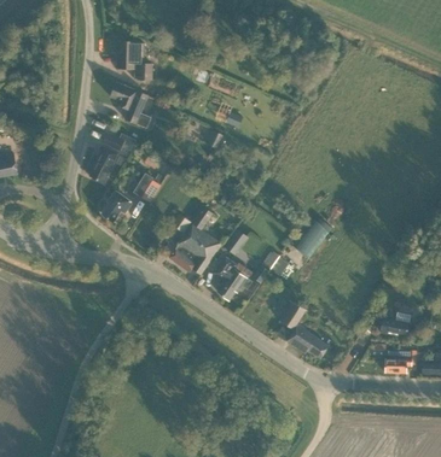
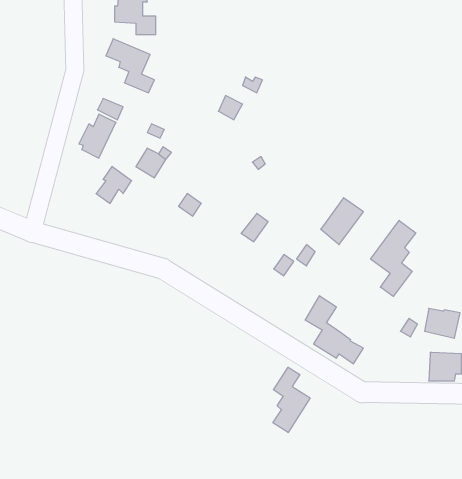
building: [169,207,221,274] -> none
building: none -> [371,220,416,296]
building: [214,257,251,300] -> none
building: none -> [273,367,310,433]

